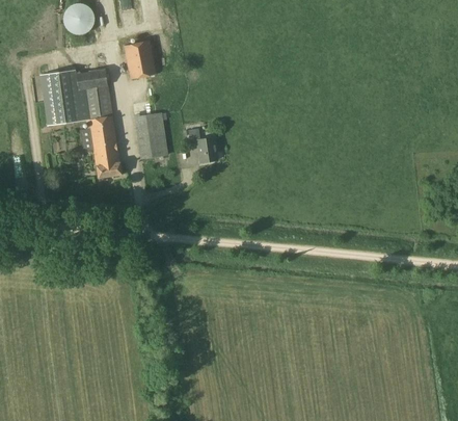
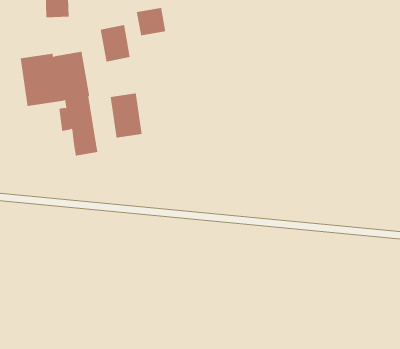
building: none -> [136,7,166,36]
building: [187,128,216,161] -> none

